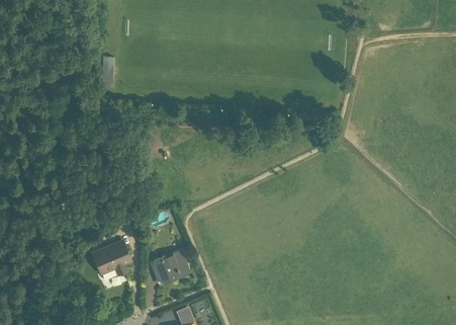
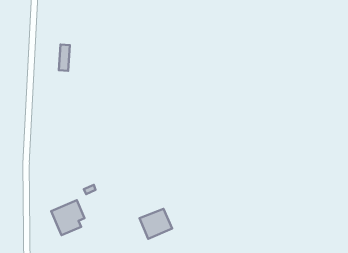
building: [153,249,191,285] -> [140,209,172,239]

